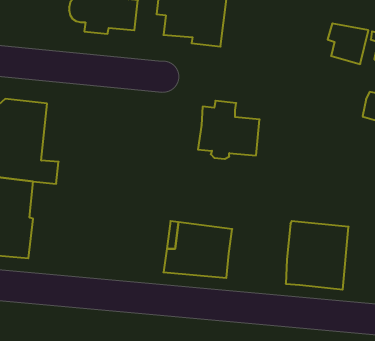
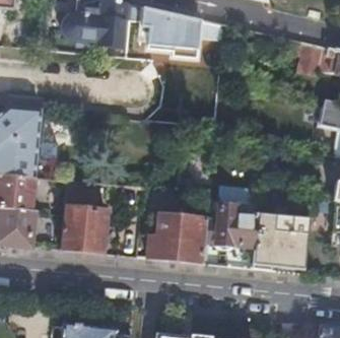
building: [198,101,260,159] -> [204,197,258,248]
building: none -> [60,180,107,251]

